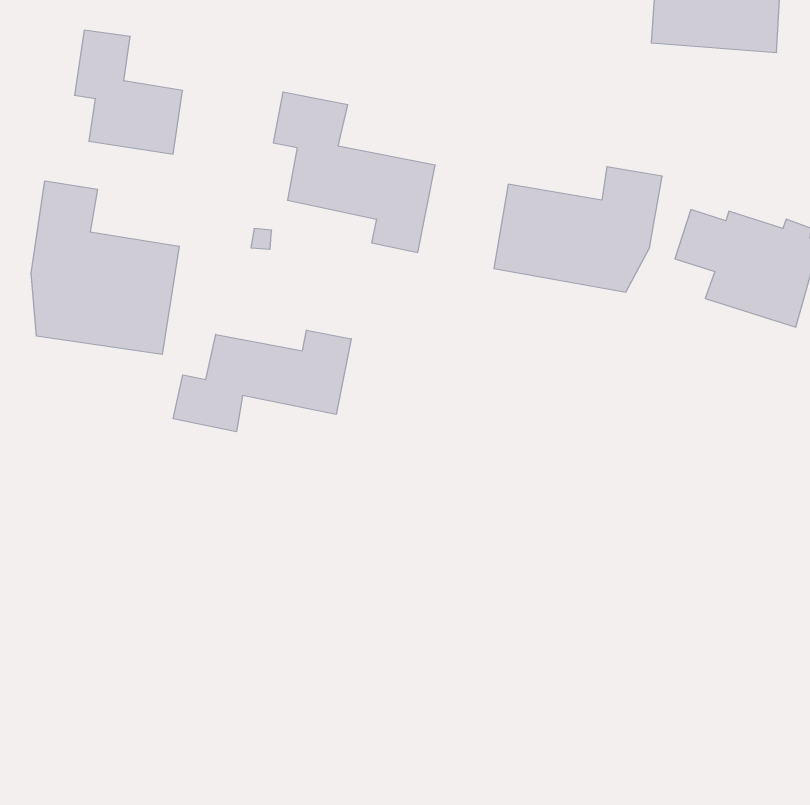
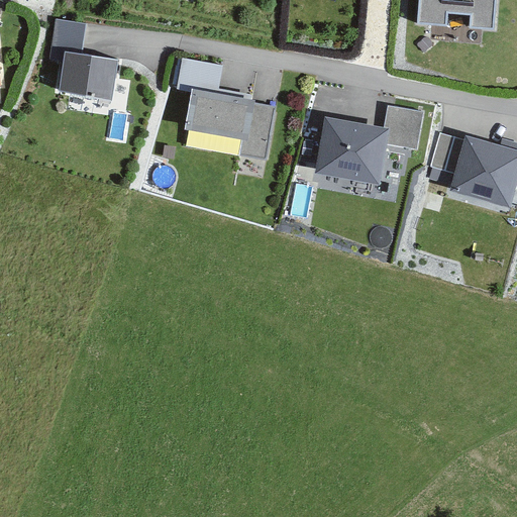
building: [31,181,179,354] -> none
building: [173,330,351,432] -> none

